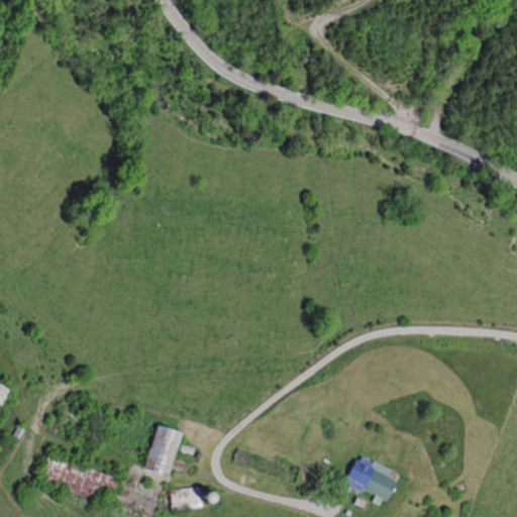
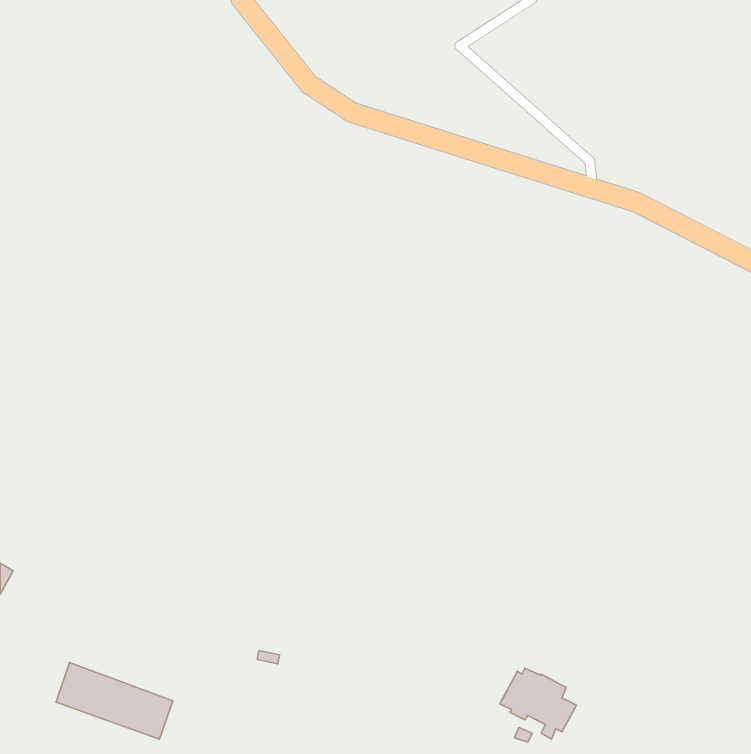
building: [144,425,186,474] -> none
building: [170,485,203,510] -> none

